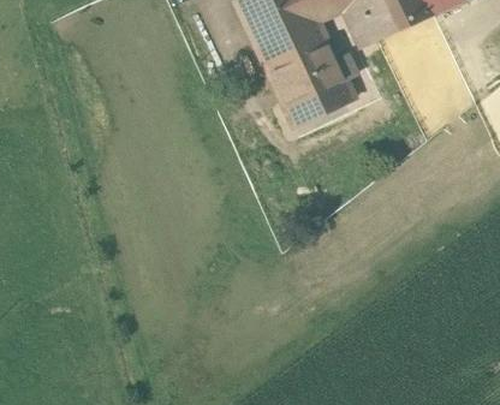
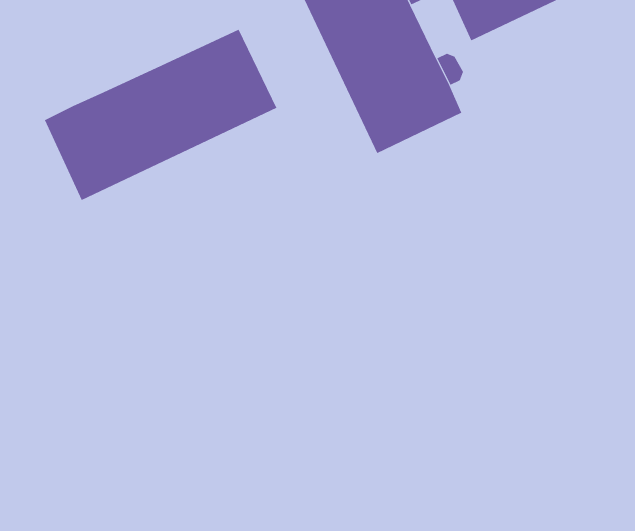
building: none -> [44,29,277,201]

